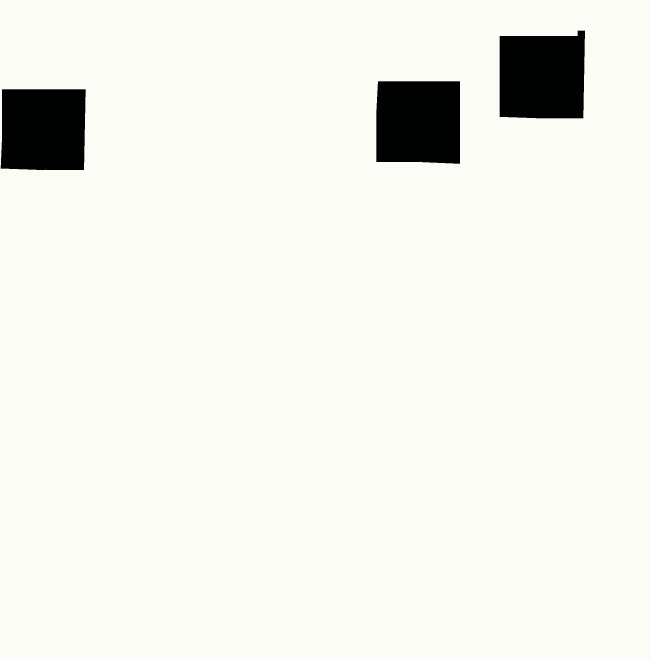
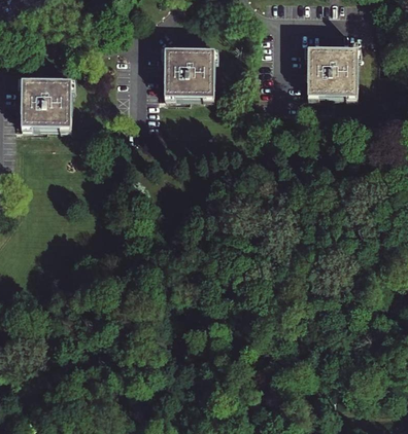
building: [375,81,461,164] -> [164,49,213,98]

